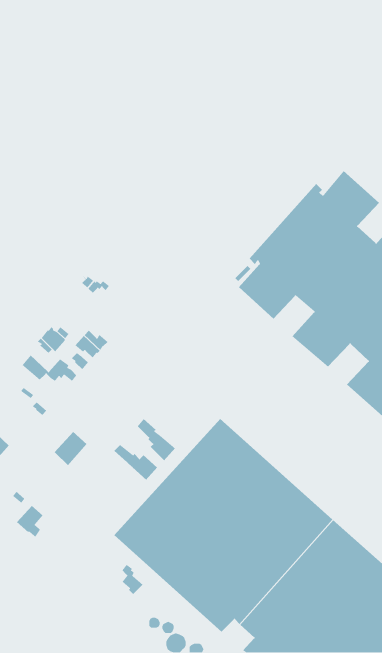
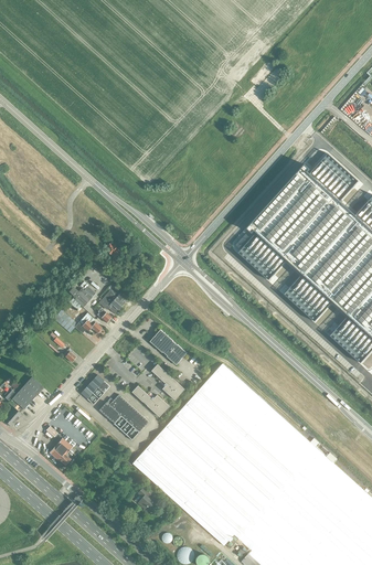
building: none -> [149,330,185,365]
building: none -> [98,395,148,440]

